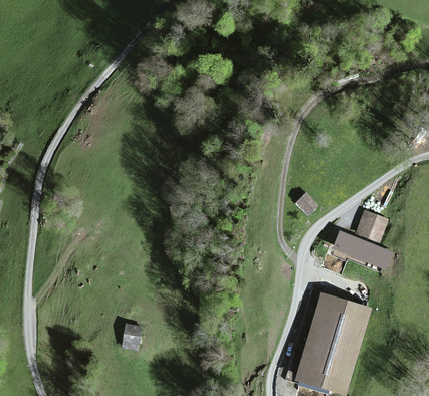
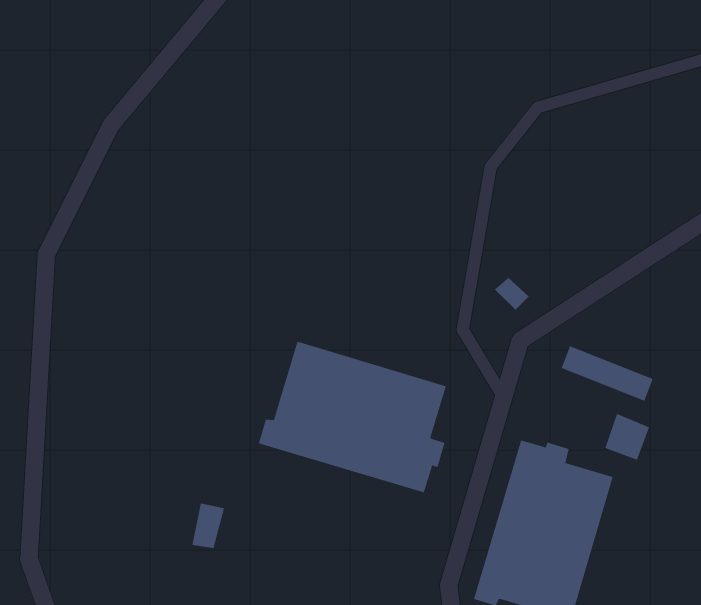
building: [362,214,388,241] -> [604,413,650,460]
building: none -> [258,341,446,493]

